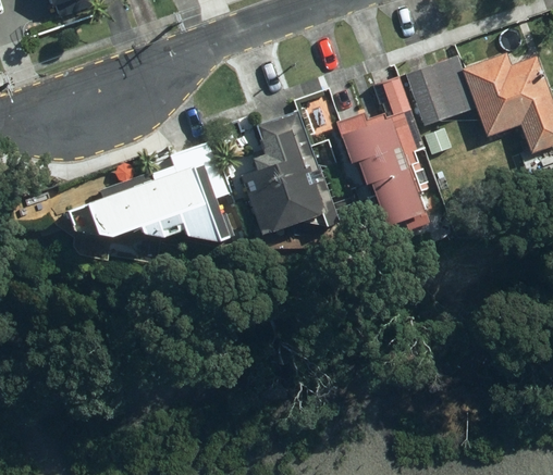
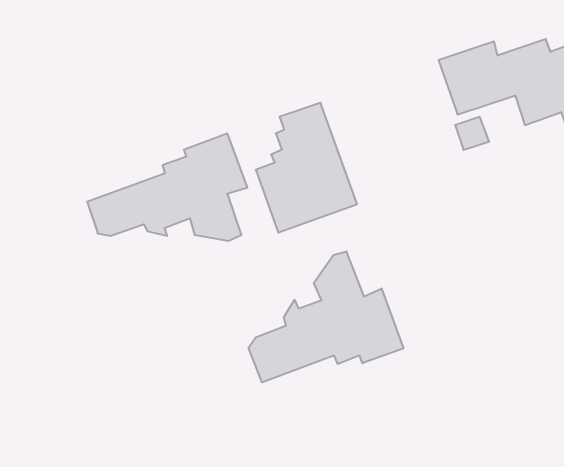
building: [336,78,431,228] -> none
building: none -> [248,251,403,382]

